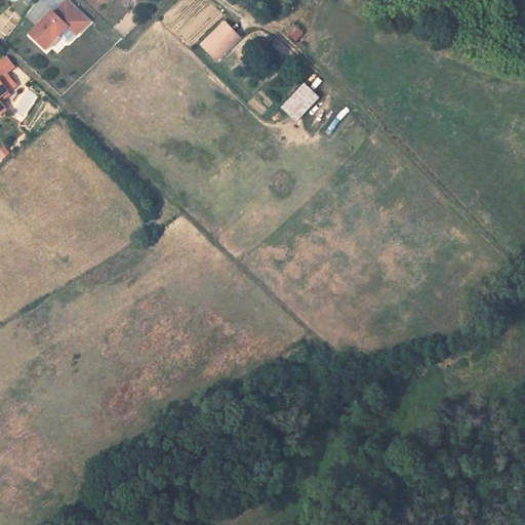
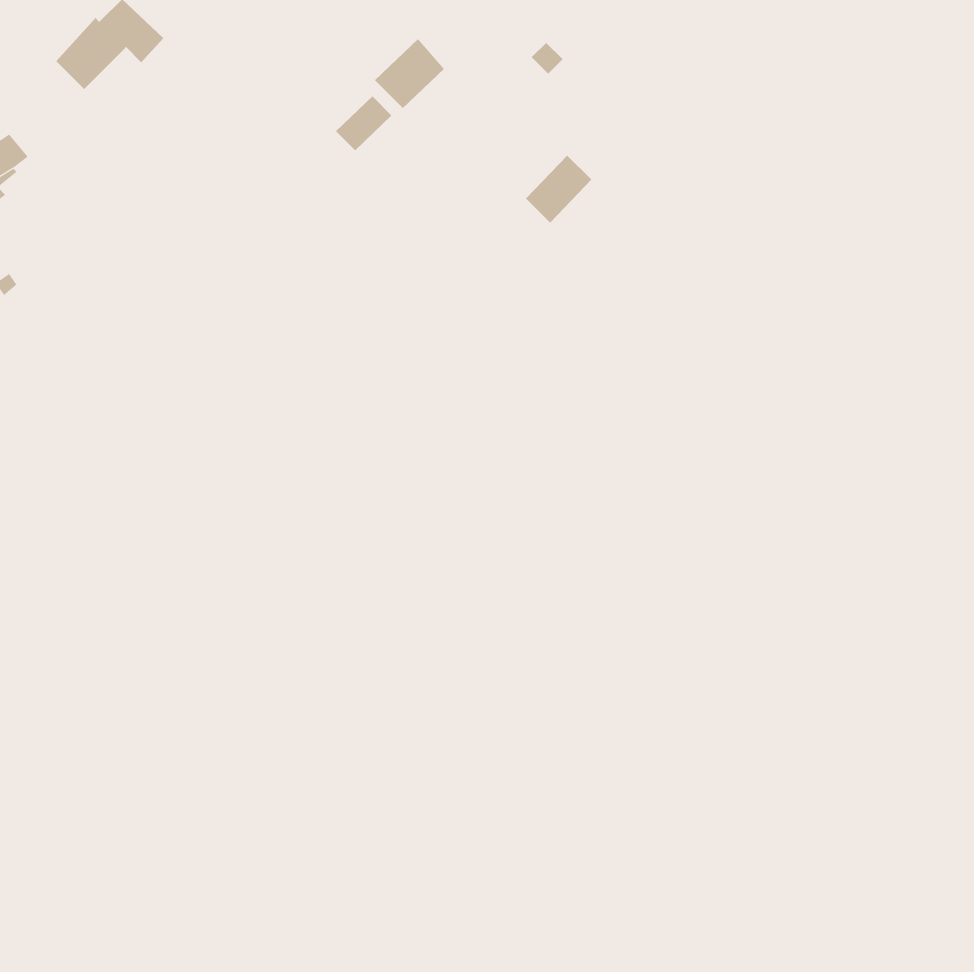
building: none -> [335,96,392,151]

